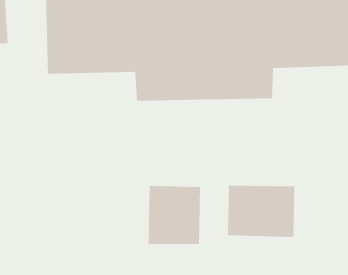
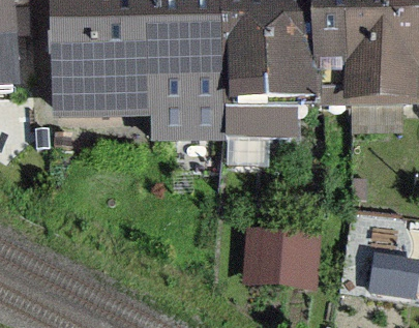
building: [148,185,201,245] -> none

